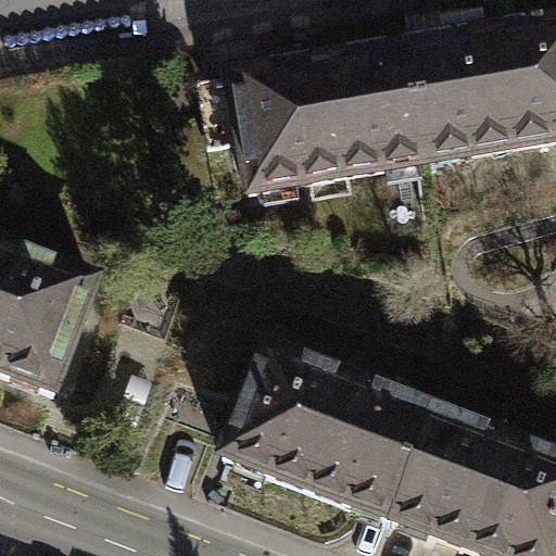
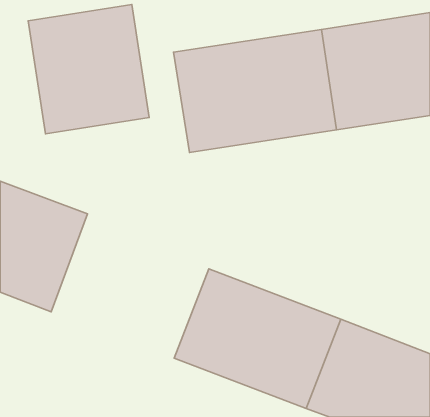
building: none -> [28,4,149,134]

